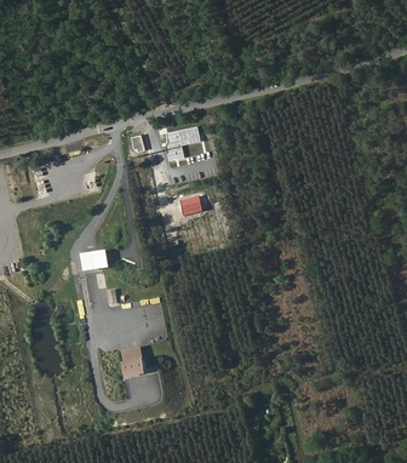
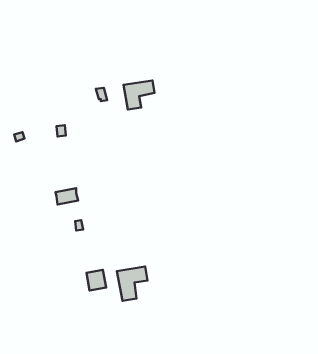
building: none -> [117,267,148,301]

